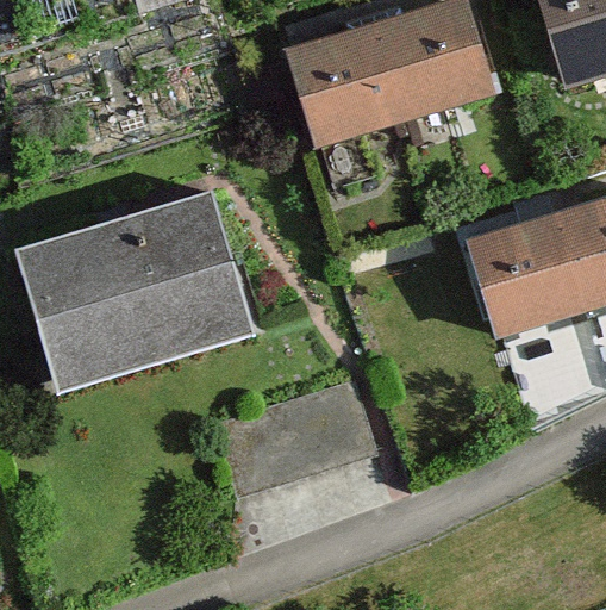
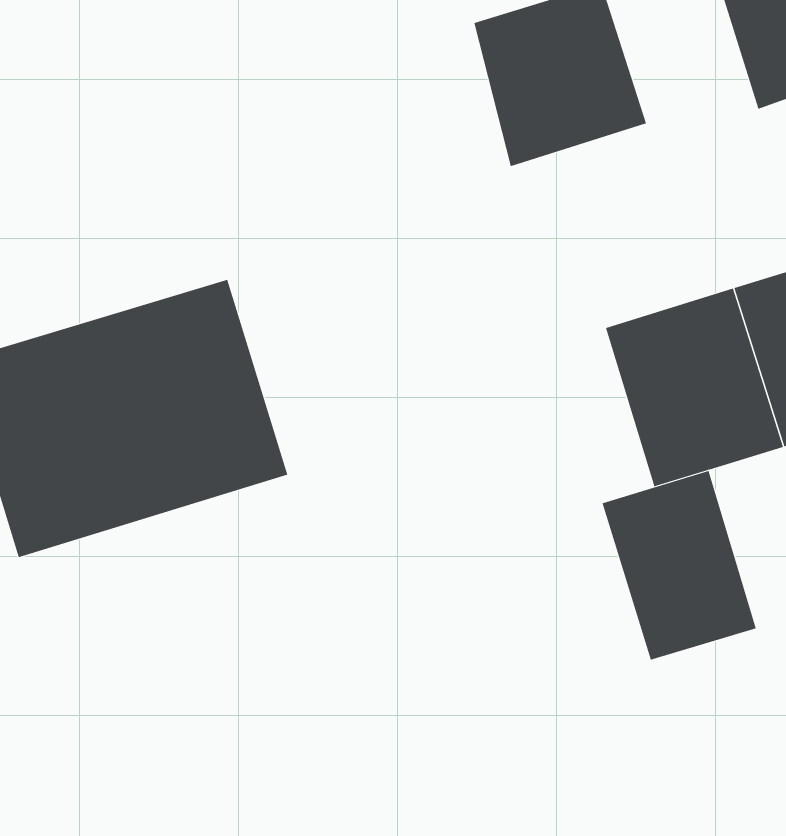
building: [287,21,401,148] -> none
building: none -> [602,470,756,661]

